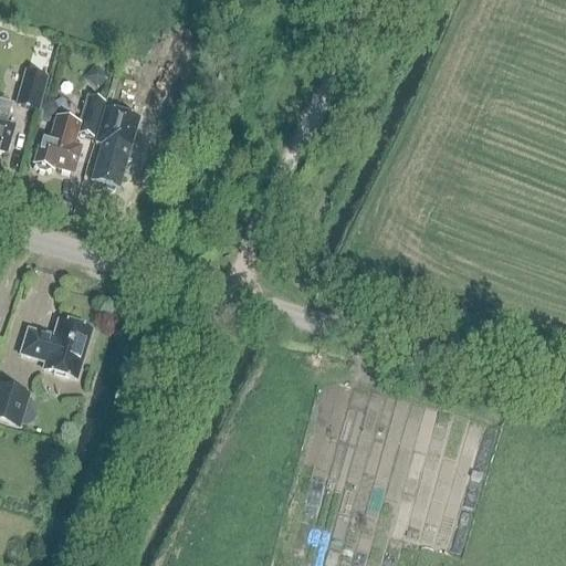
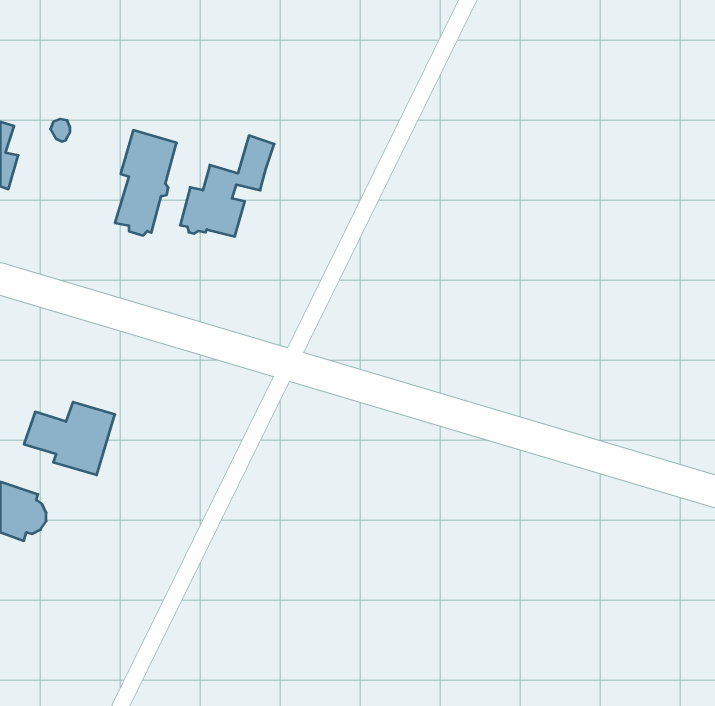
building: [19,69,45,107] -> none
building: [32,90,106,169] -> [180,136,274,236]

